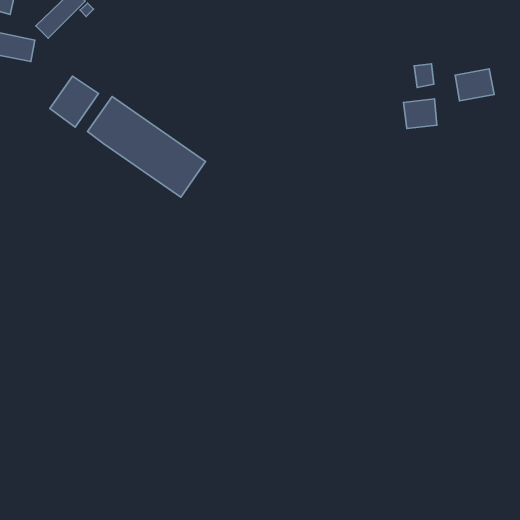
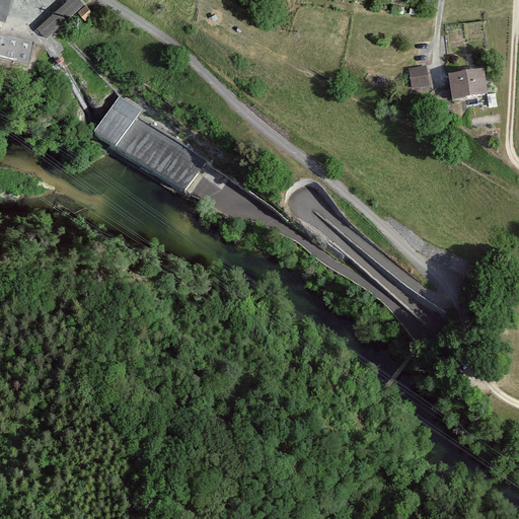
building: [50,76,98,127] -> none
building: [403,99,437,129] -> none

